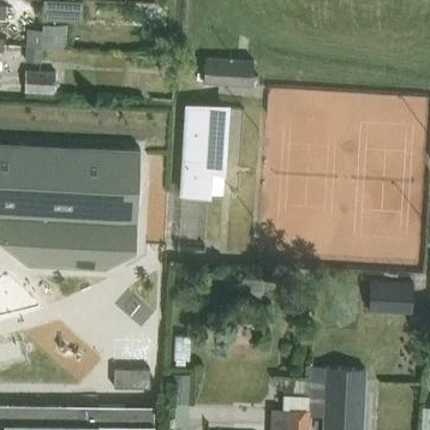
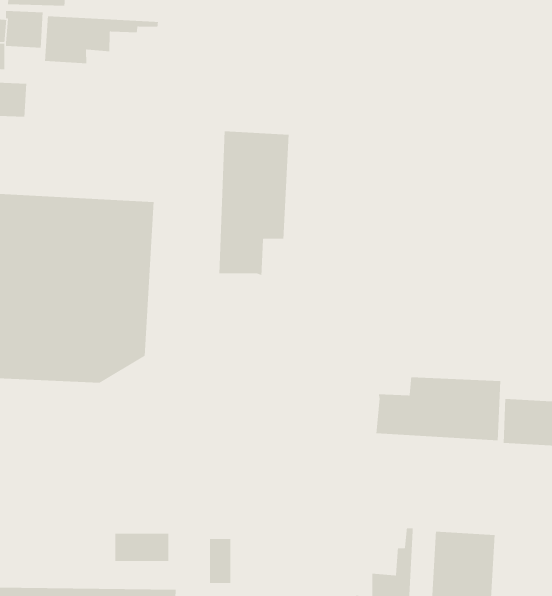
building: none -> [44,16,159,64]
building: [204,58,255,86] -> none
building: none -> [375,376,501,441]

